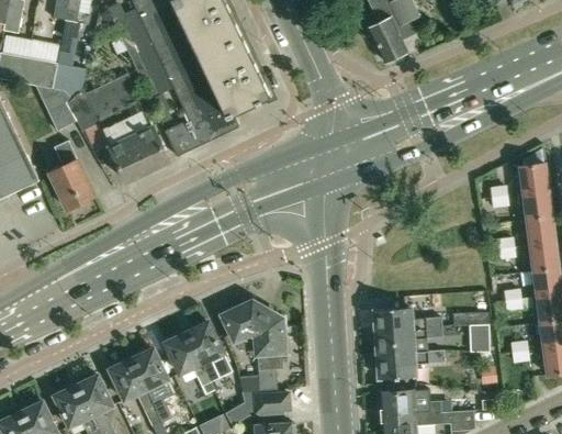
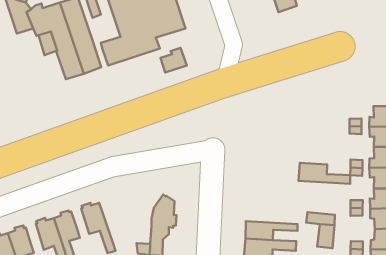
building: none -> [160,48,187,73]
building: [49,141,93,209] -> none
building: [222,301,267,354] -> none
building: [374,308,441,333] -> [298,163,350,184]
building: [187,321,232,382] -> none

